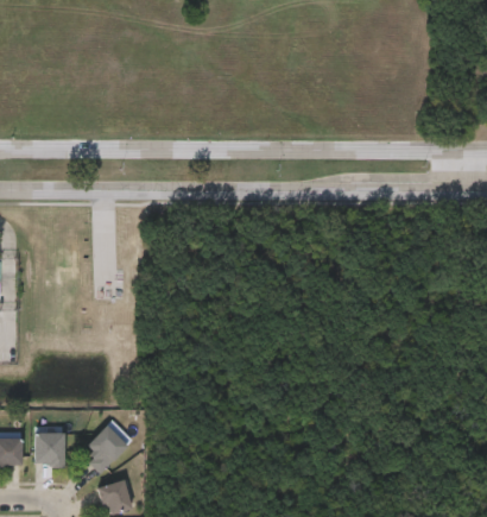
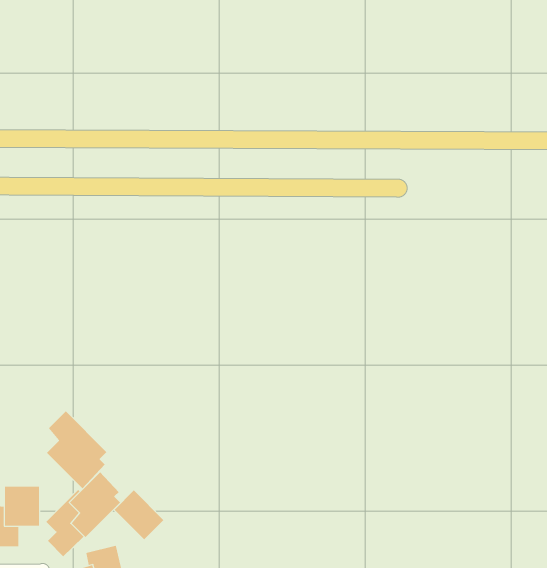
building: none -> [46,411,107,489]
building: none -> [114,490,164,540]

